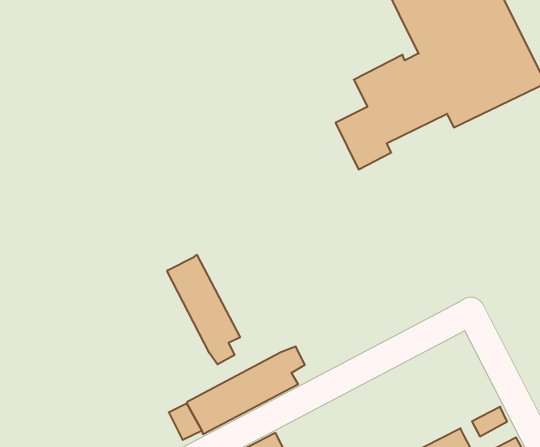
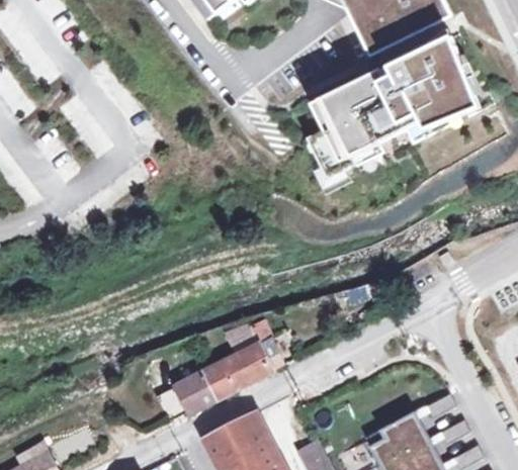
building: [167,255,240,364] -> none

